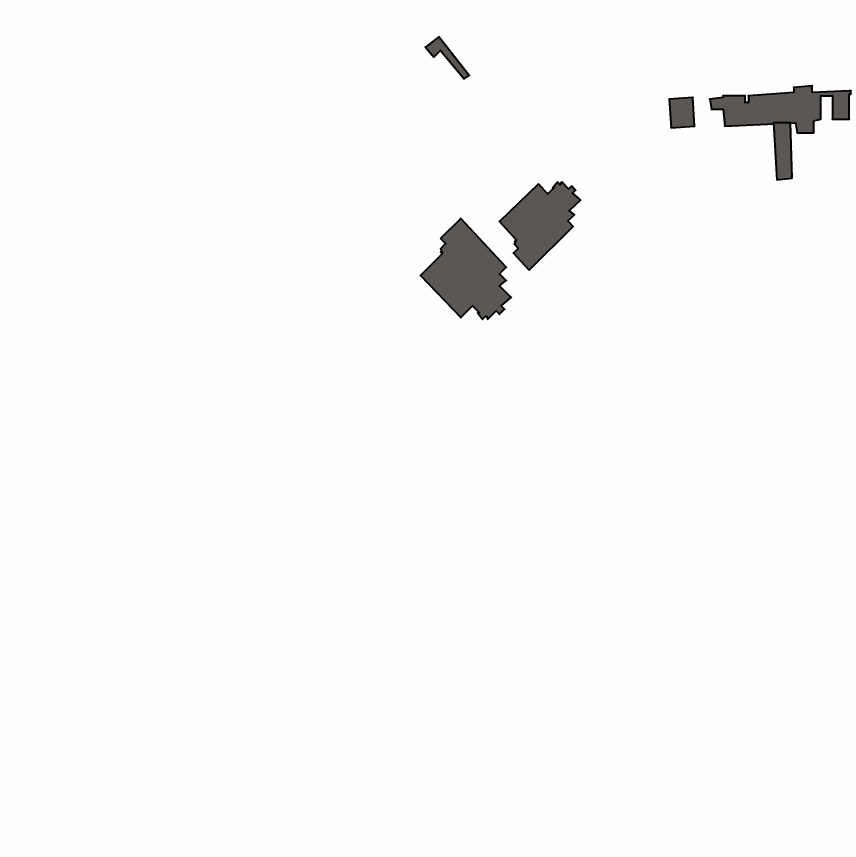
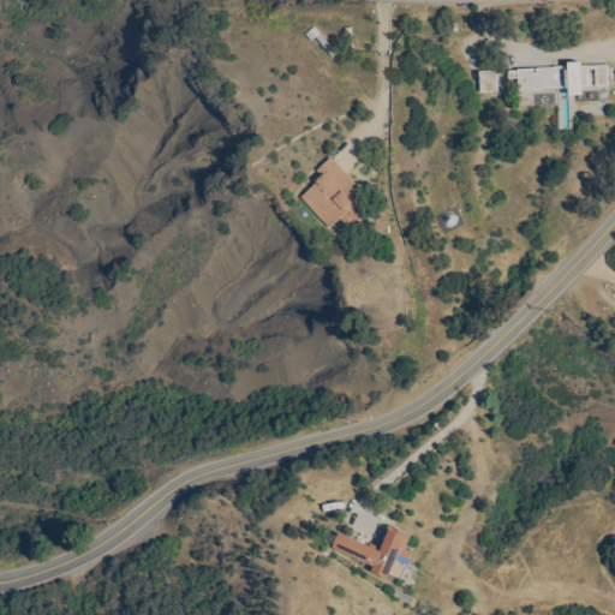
building: [499,182,580,270] -> none
building: none -> [332,524,412,579]

